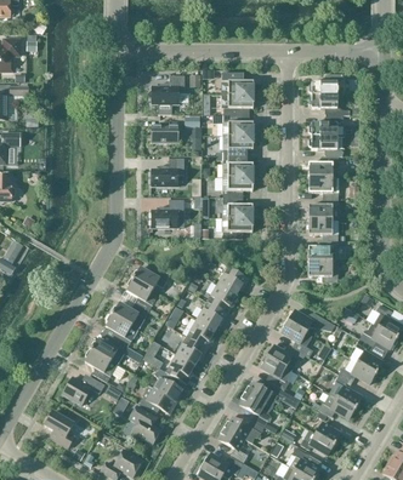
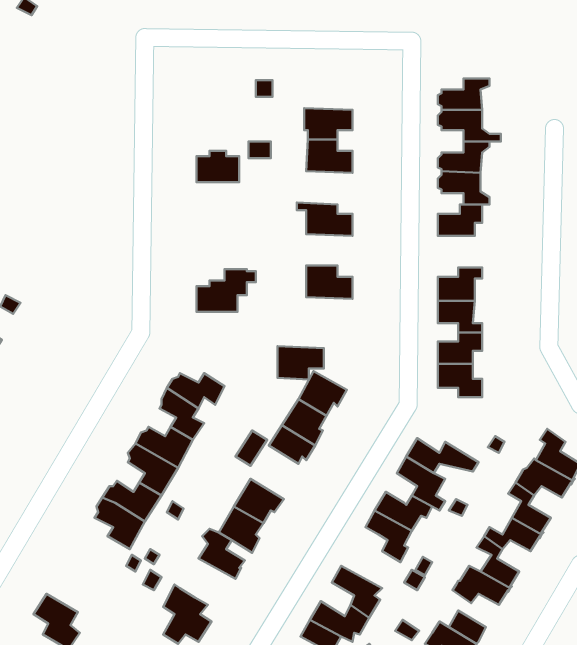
building: [221,73,252,95] -> none
building: [151,75,185,114] -> none
building: [216,135,252,156] -> none
building: [151,158,183,185] -> none
building: [222,176,252,196] -> none
building: [308,177,339,198] -> none
building: [222,217,252,239] -> [277,346,324,380]
building: [186,314,217,349] -> none
building: [62,376,104,405] -> none
building: [246,381,285,407] -> none
building: [137,385,176,413] -> none

